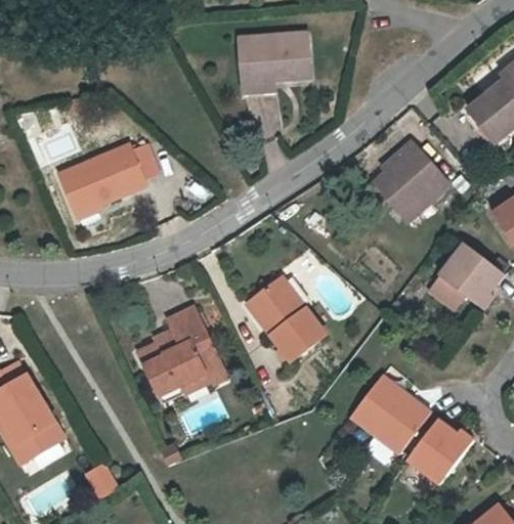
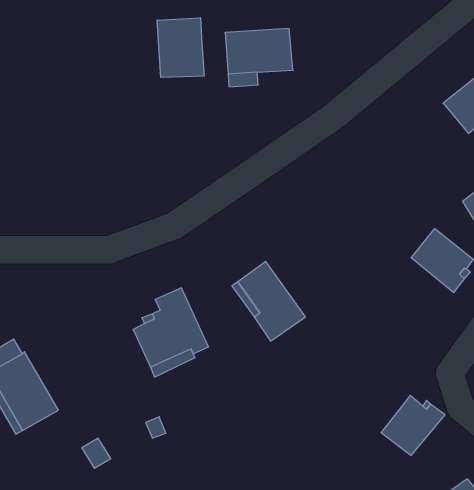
building: none -> [157,18,204,77]
building: [375,141,451,221] -> none
building: [62,144,161,214] -> none
building: [350,378,429,453] -> none

